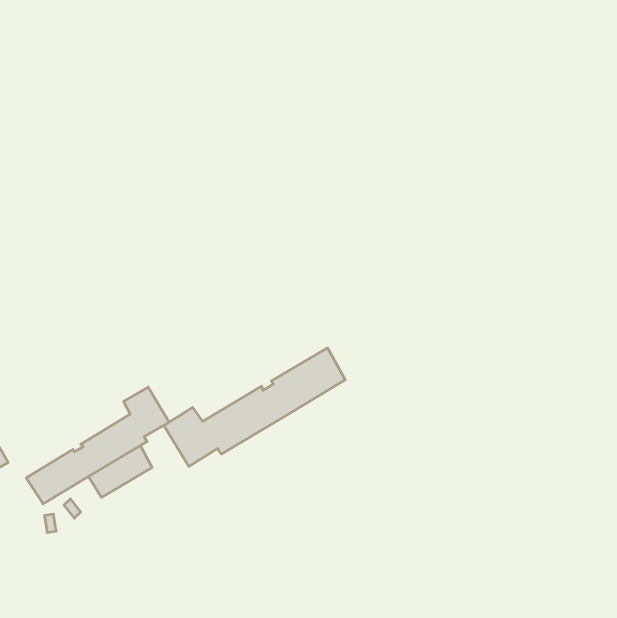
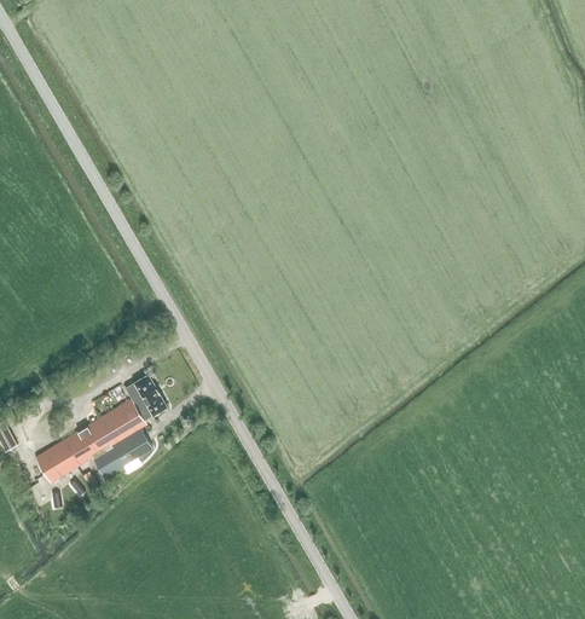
building: [164,348,345,466] -> none

